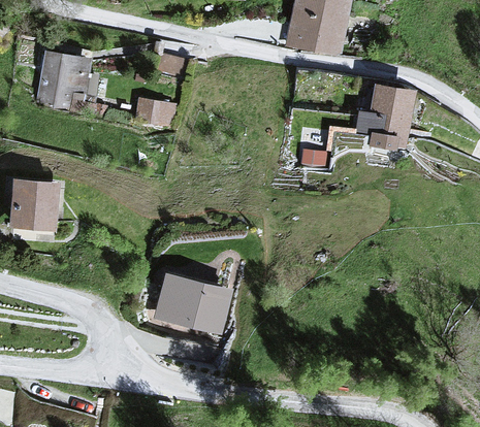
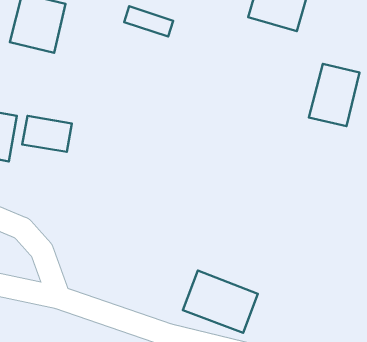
building: [136,97,179,127] -> none
building: none -> [22,116,72,152]
building: [155,273,232,333] -> [183,270,258,333]

